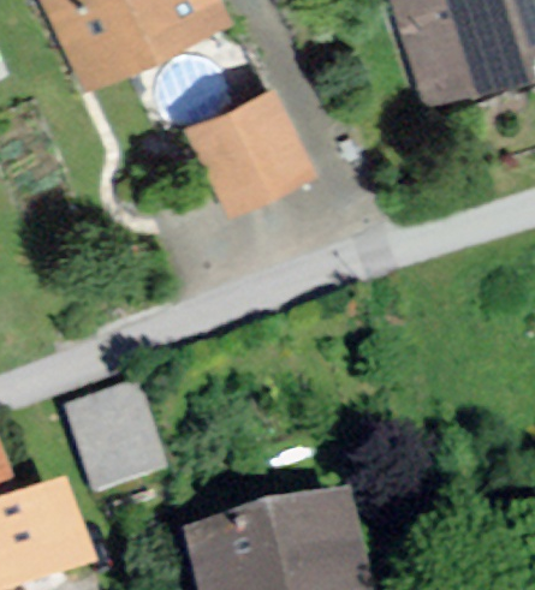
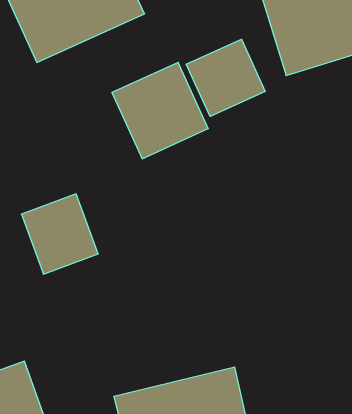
building: none -> [186,39,265,116]
building: [63,388,167,497] -> [21,194,98,274]

